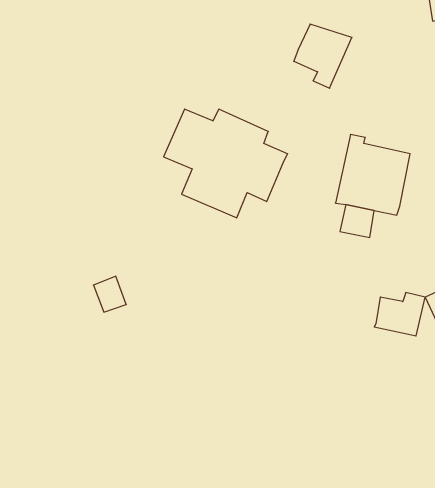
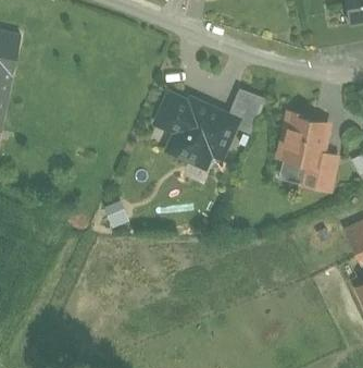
building: [294,24,352,88] -> [226,87,268,134]
building: [374,293,425,336] -> [302,160,339,192]

